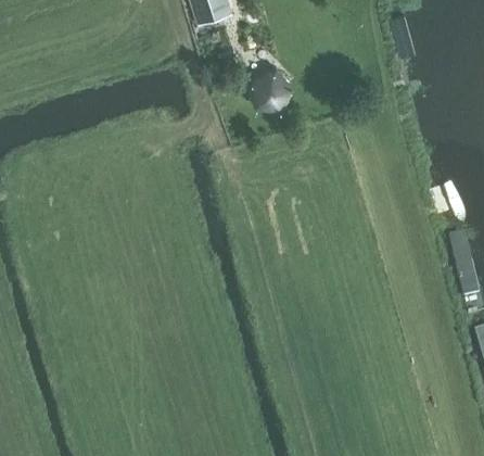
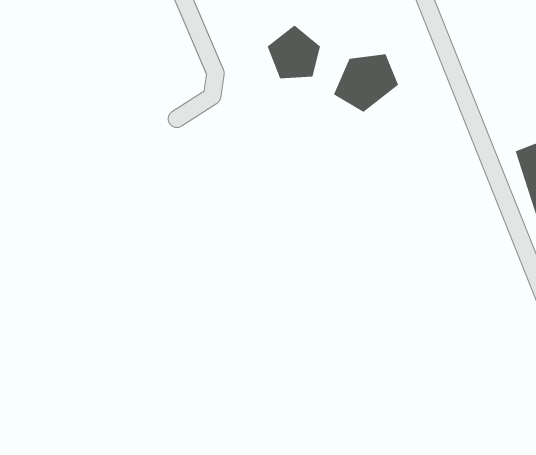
building: none -> [333,53,399,113]

